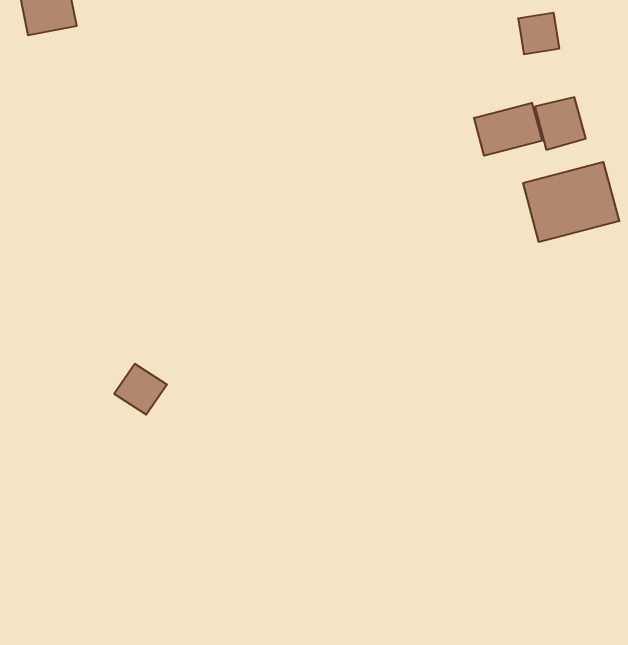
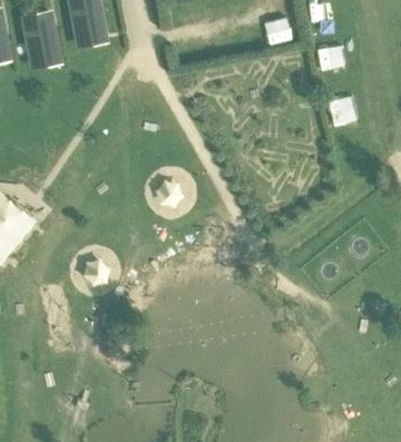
building: [474,103,542,156] -> none
building: [523,162,619,242] -> none

